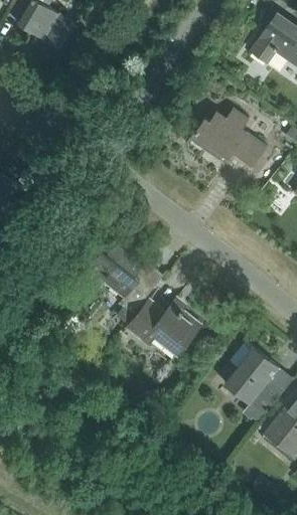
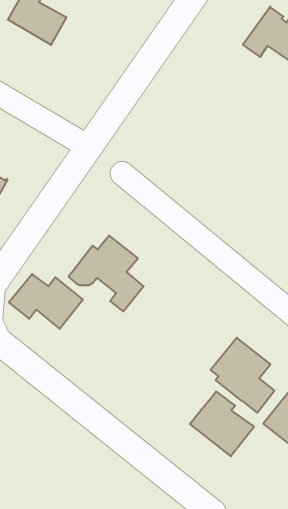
building: [191,112,266,172] -> none
building: [127,301,200,355] -> [9,274,83,329]
building: none -> [190,391,254,456]

